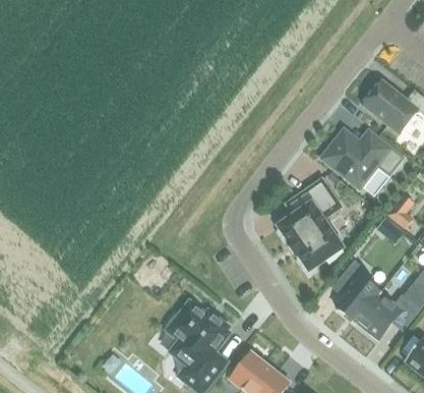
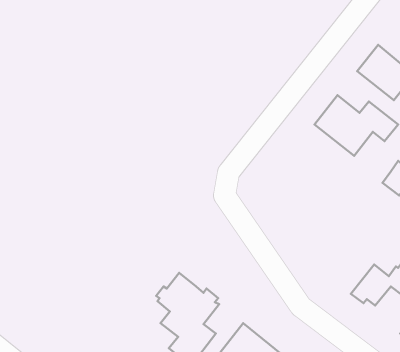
building: [278,178,344,272] -> none
building: [336,263,379,323] -> none

